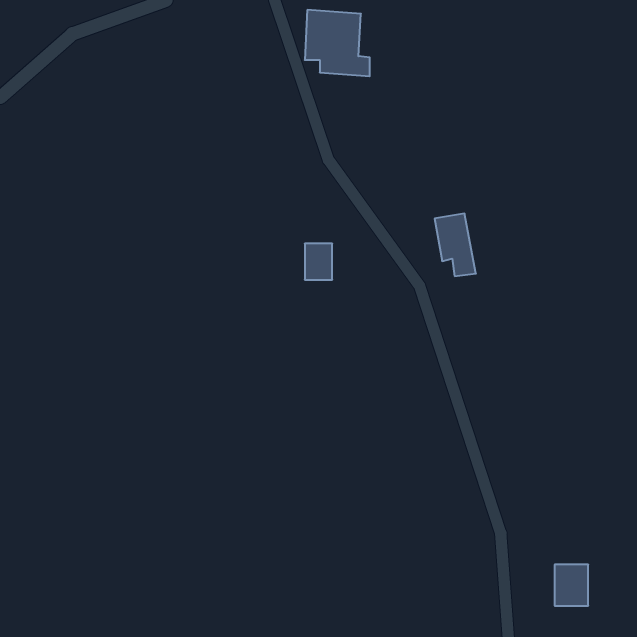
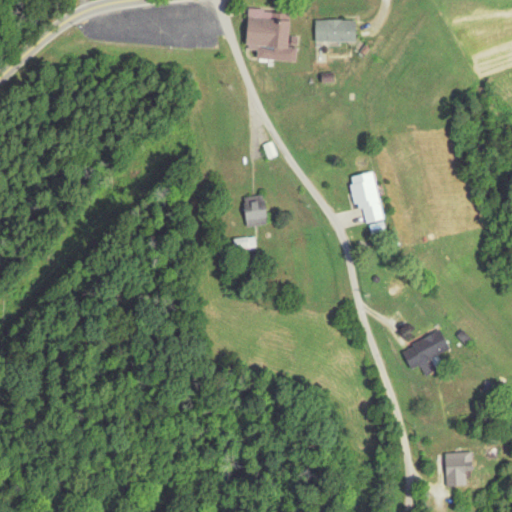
building: none -> [316,20,356,42]
building: none -> [402,330,451,375]

